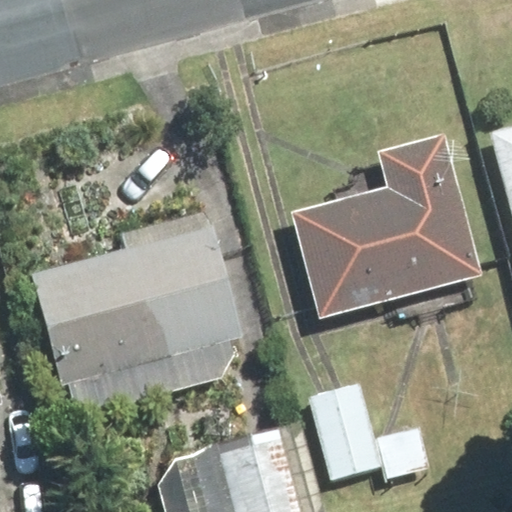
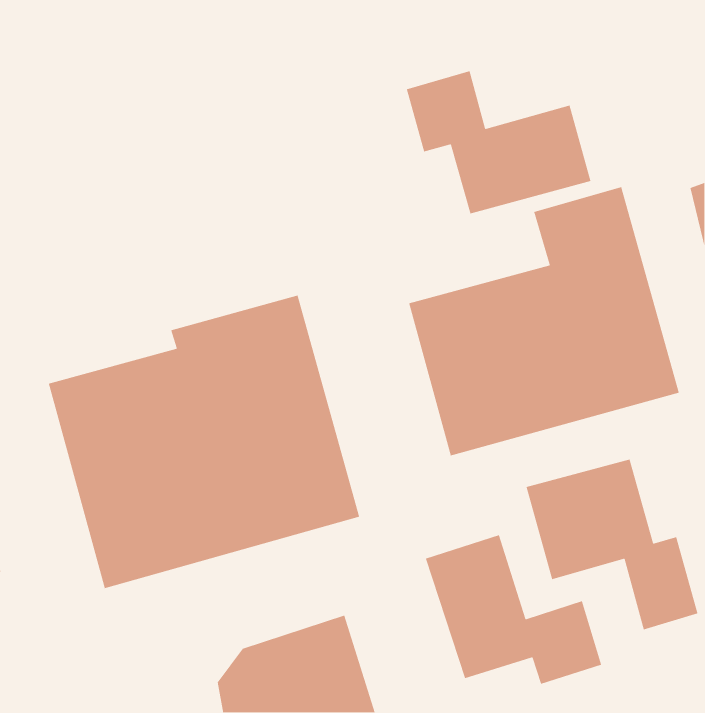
building: none -> [406,70,591,214]
building: none -> [526,458,698,630]

